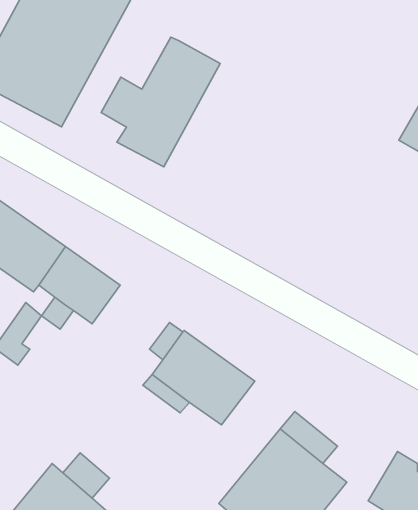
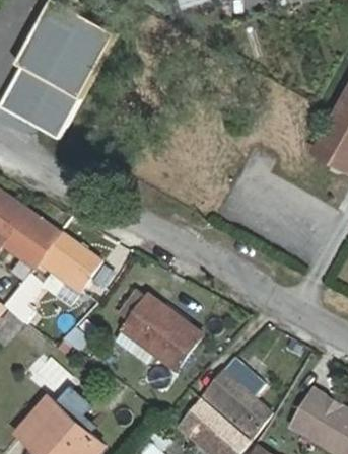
building: [101,37,220,167] -> none

